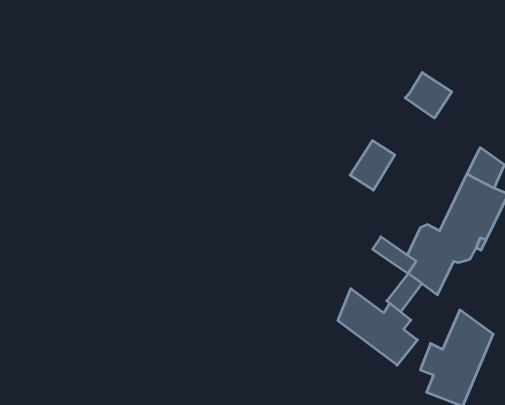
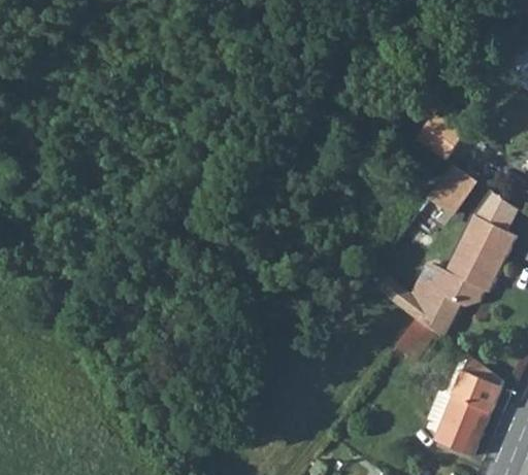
building: [350,141,395,190] -> [423,163,468,213]
building: [338,289,418,365] -> none

